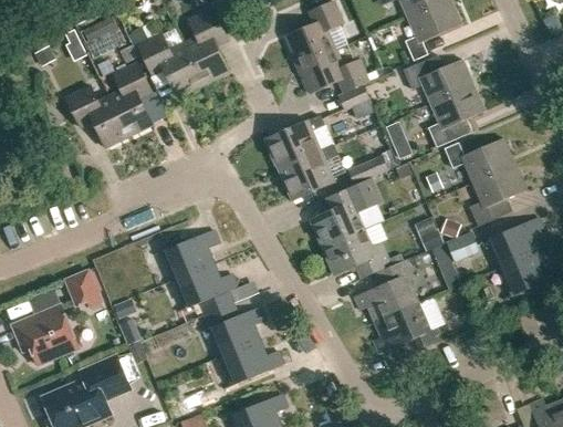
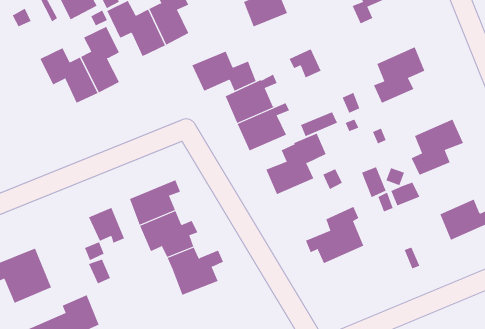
building: [298,49,368,93] -> [191,51,257,91]
building: [403,55,473,104] -> none
building: [445,138,514,183] -> none
building: [487,217,543,268] -> none
building: [323,229,390,278] -> none
building: [66,268,106,308] -> [88,207,125,244]
building: [373,302,442,354] -> none
building: [220,341,283,385] -> none

